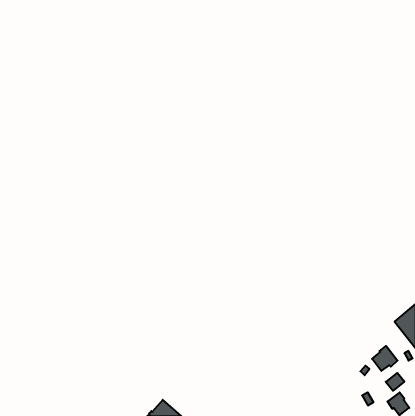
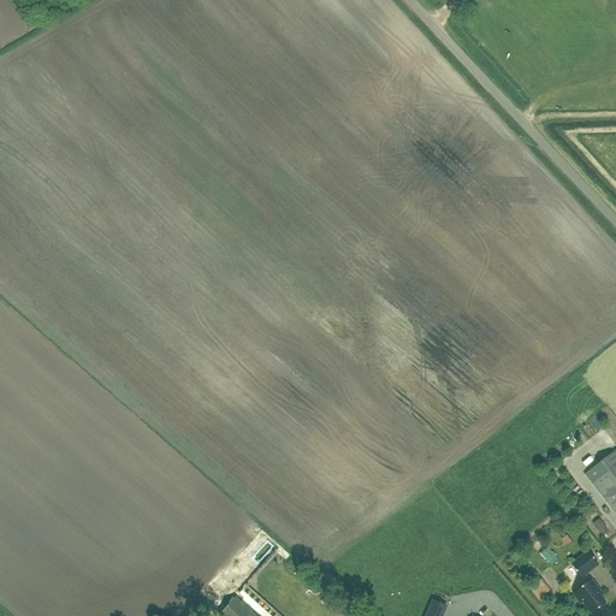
building: [372,346,398,371] -> none

